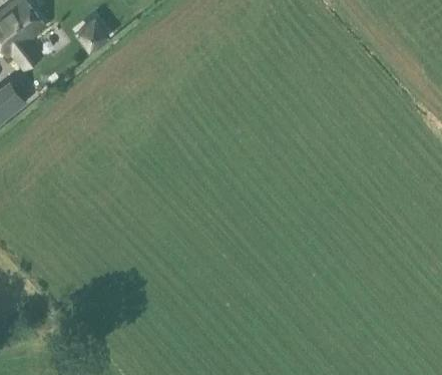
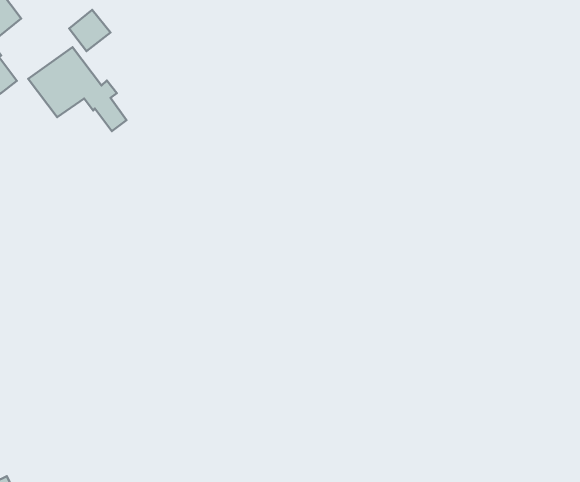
building: none -> [28,47,126,131]

